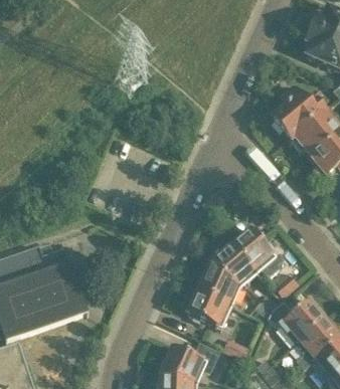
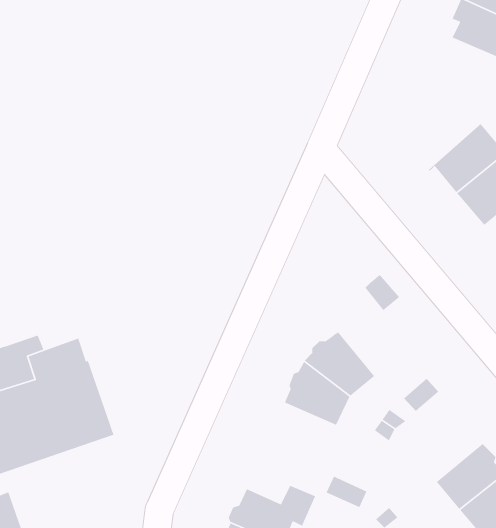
building: [272,84,325,139] -> none
building: [232,227,285,274] -> none
building: [187,289,231,327] -> none
building: [268,300,326,341] -> none

